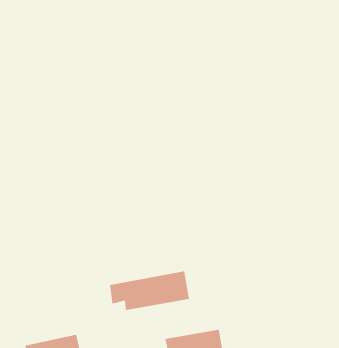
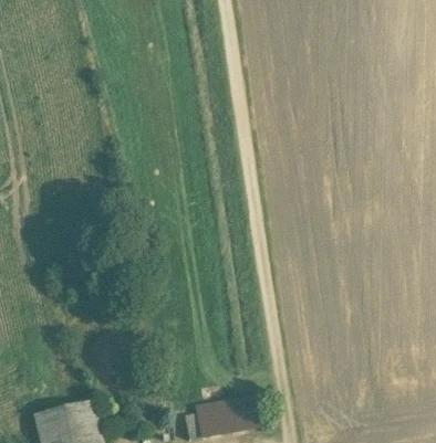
building: [110,270,190,311] -> none

